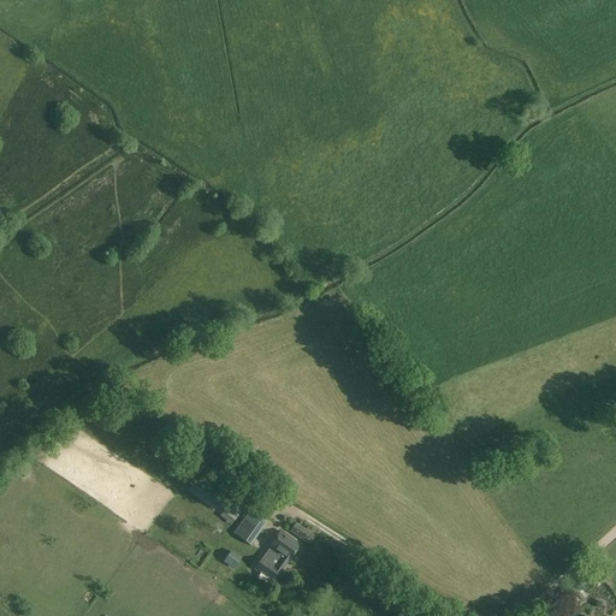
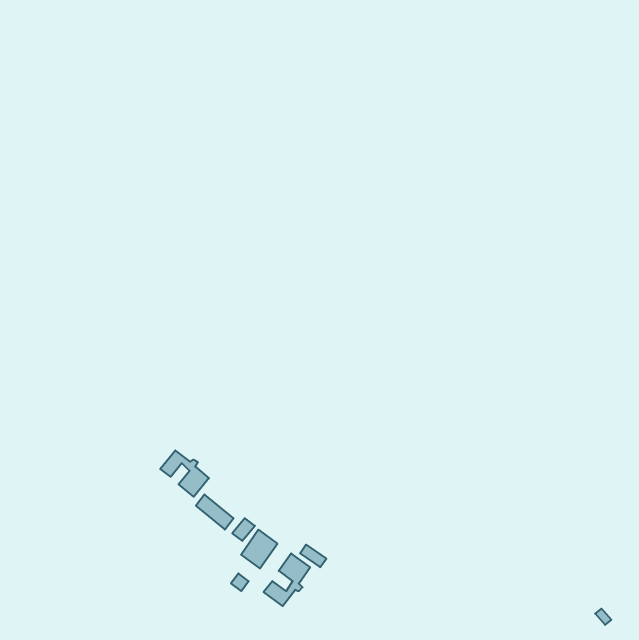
building: none -> [160,450,209,497]

